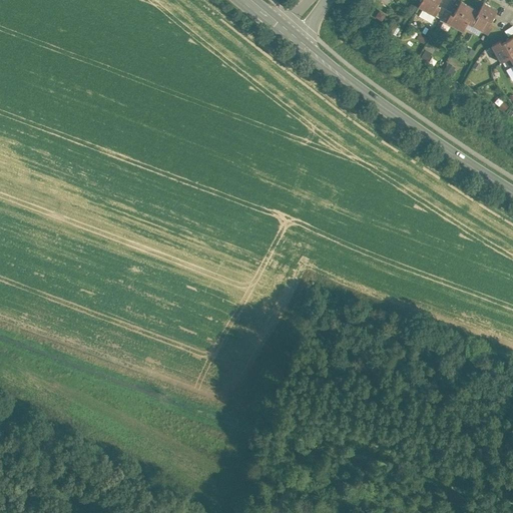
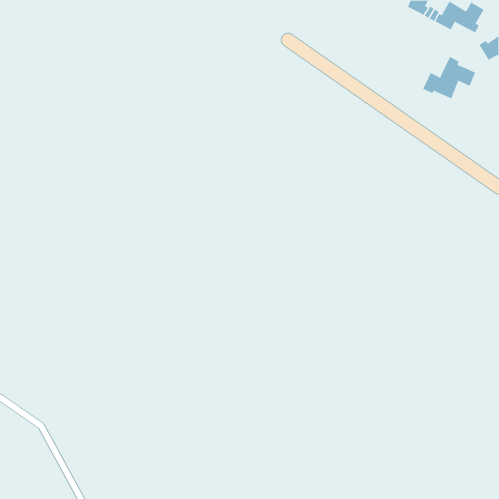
building: none -> [423,56,476,99]

